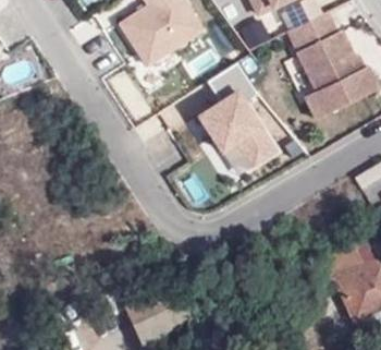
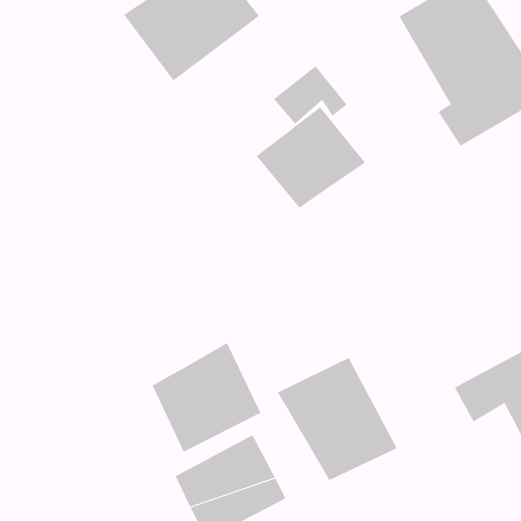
building: [235,123,281,168] -> none
building: none -> [152,342,261,453]
building: none -> [277,357,397,481]

